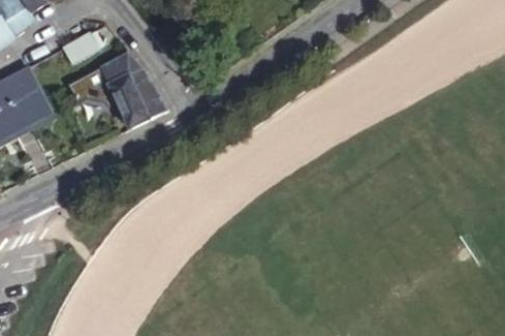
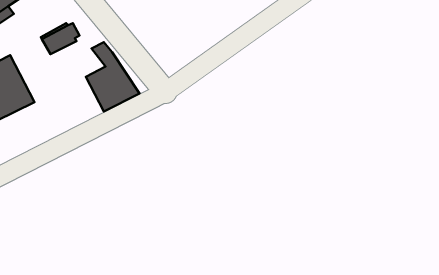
building: [88,59,132,92] -> none

